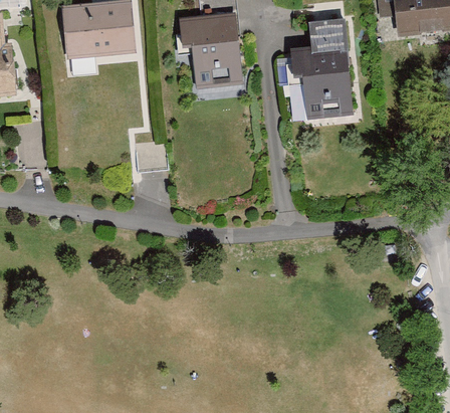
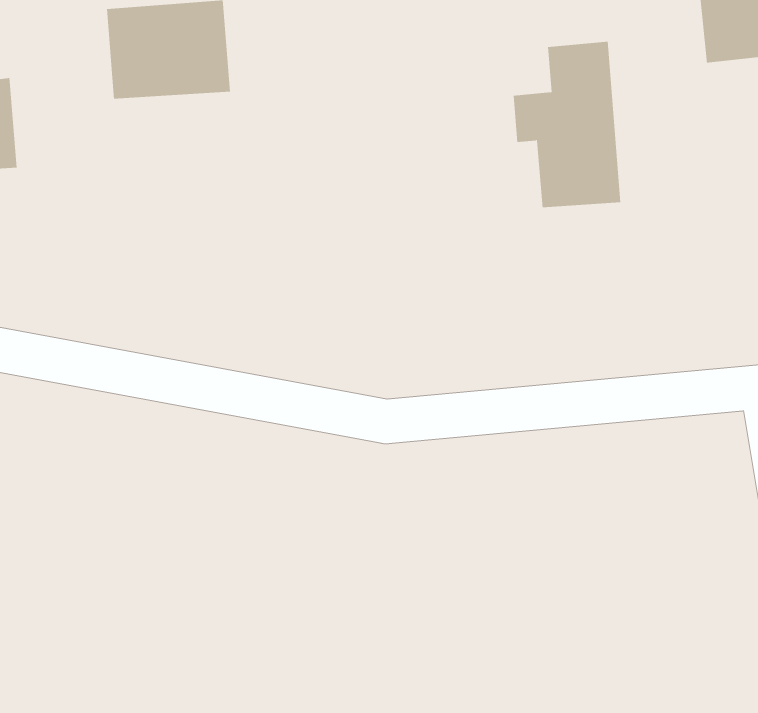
building: [182,15,240,87] -> none

